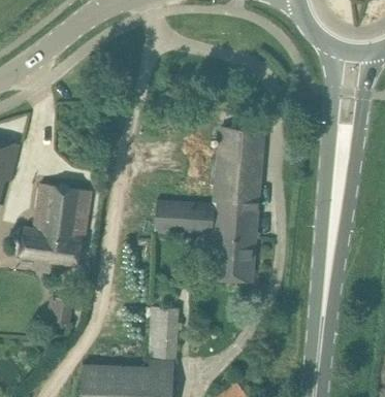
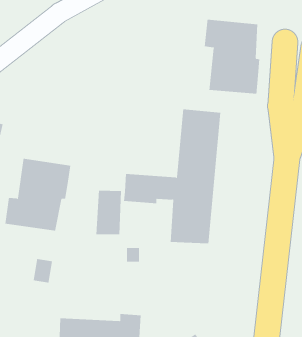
building: none -> [204,19,260,95]
building: [149,307,179,358] -> [95,190,122,235]

